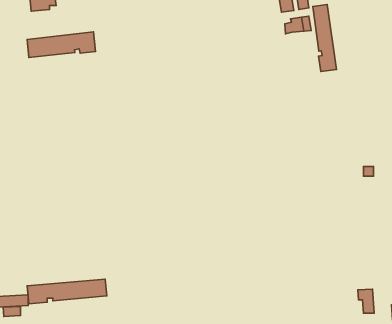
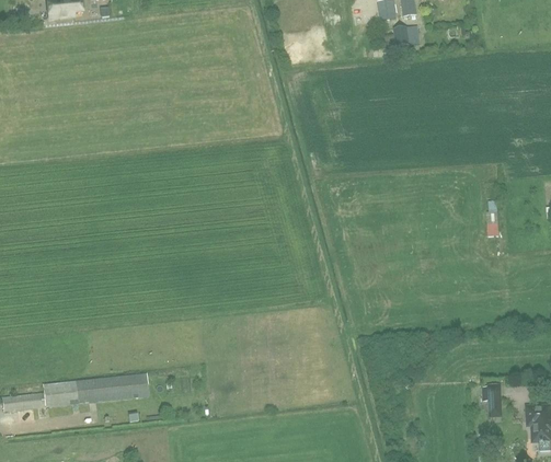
building: [313,5,336,72] -> none
building: [27,32,96,58] -> none

